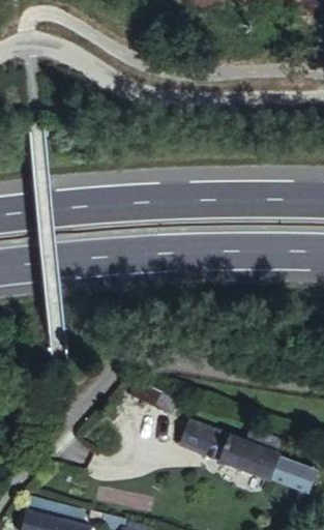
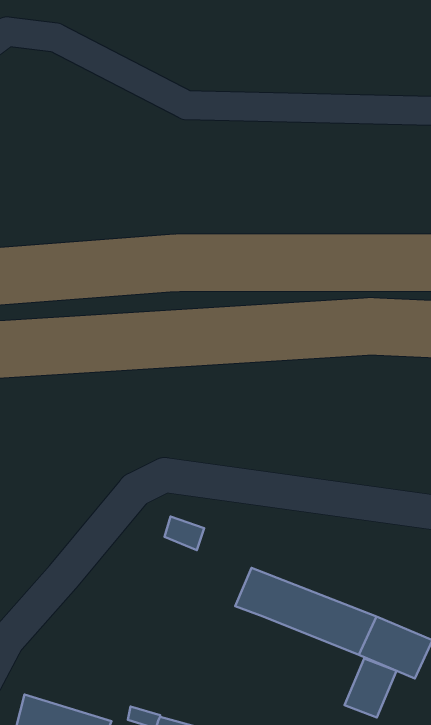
building: none -> [345,658,397,717]

